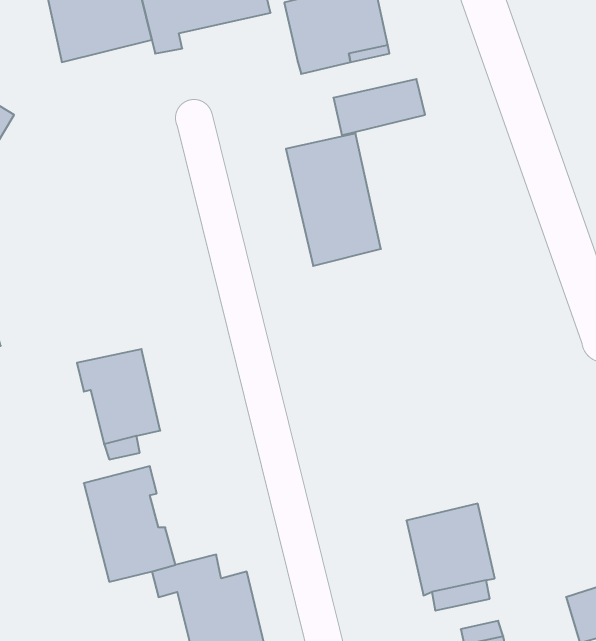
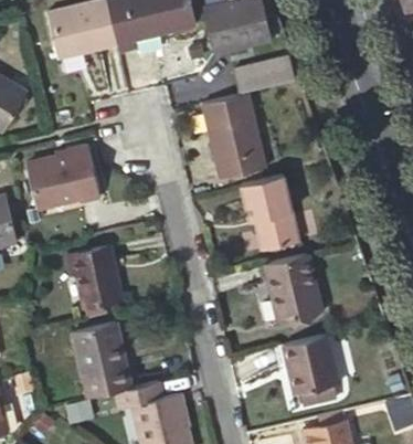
building: none -> [28,144,100,205]
building: none -> [242,186,300,260]
building: none -> [266,263,320,330]

